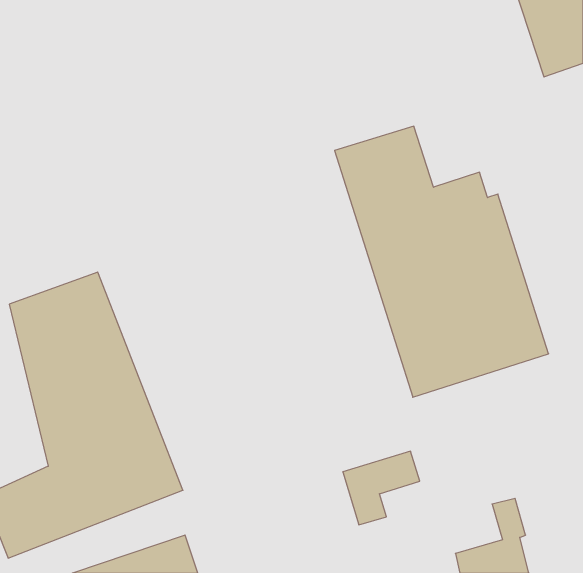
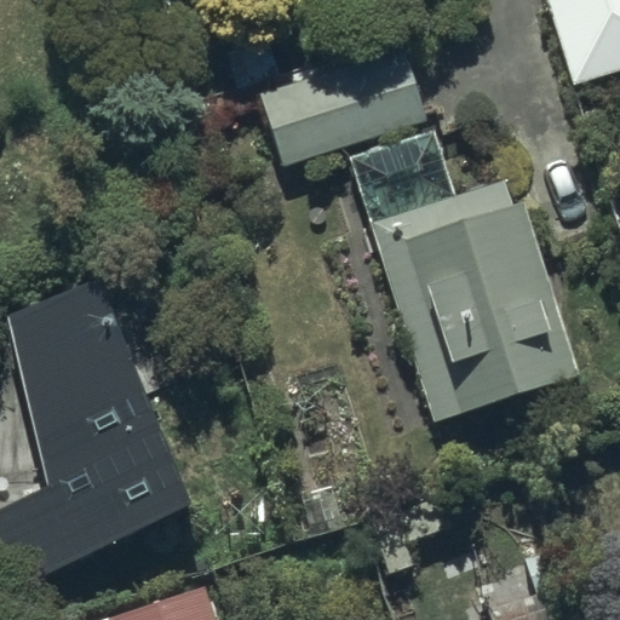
building: none -> [260,46,421,160]

